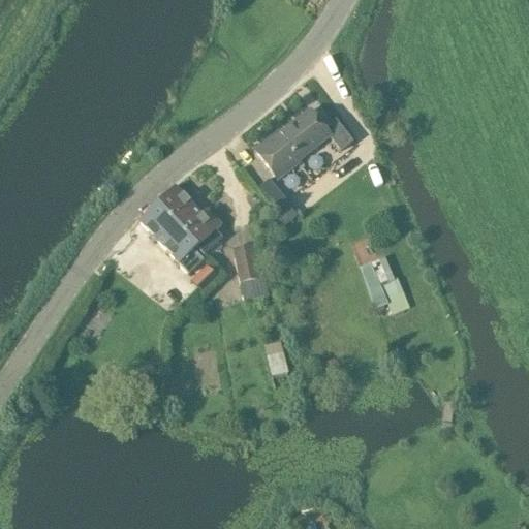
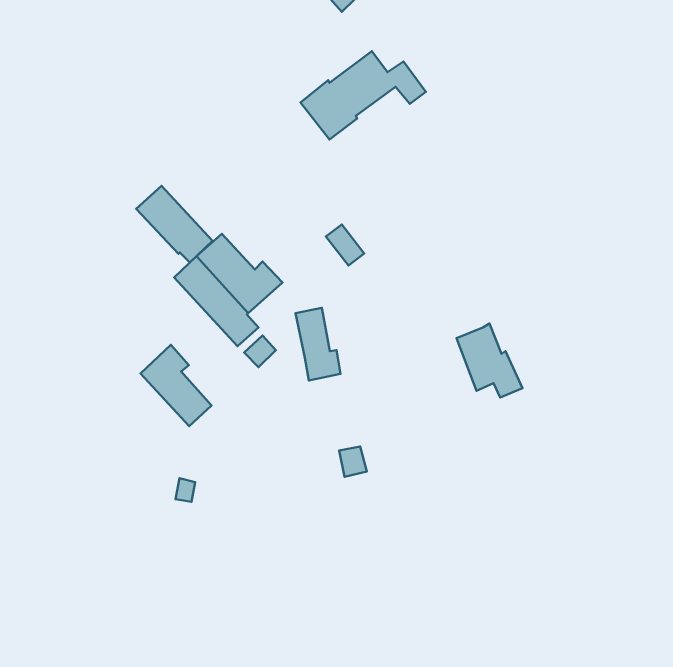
building: [254,106,352,176] -> [300,51,426,140]
building: none -> [136,186,212,263]
building: none -> [141,345,212,426]

